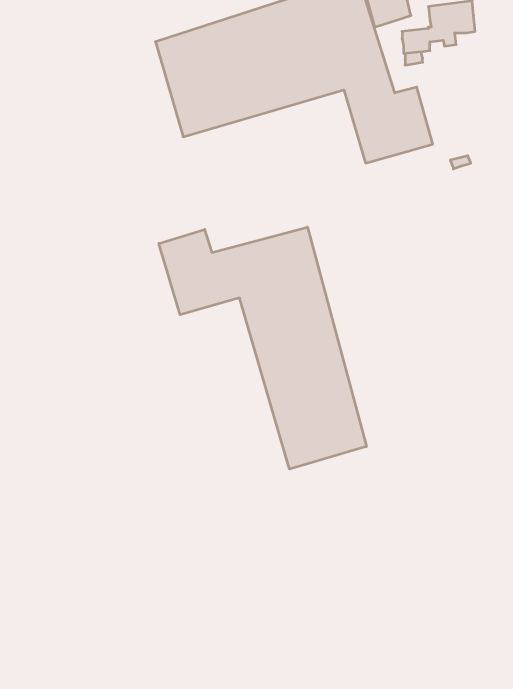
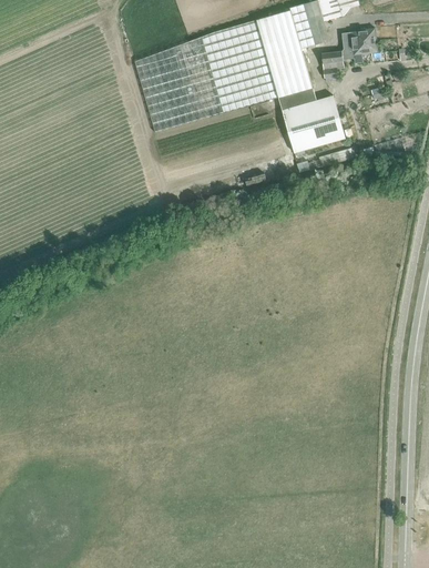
building: [159,227,366,469] -> none

